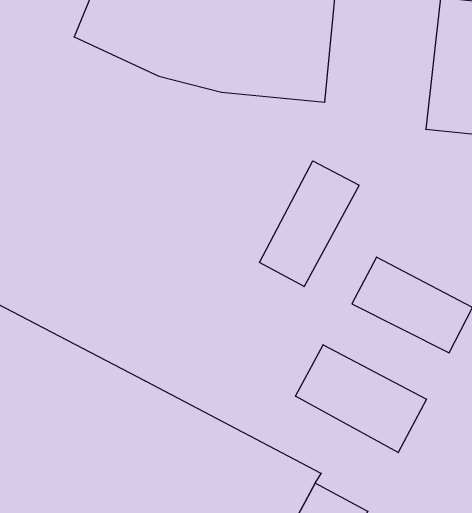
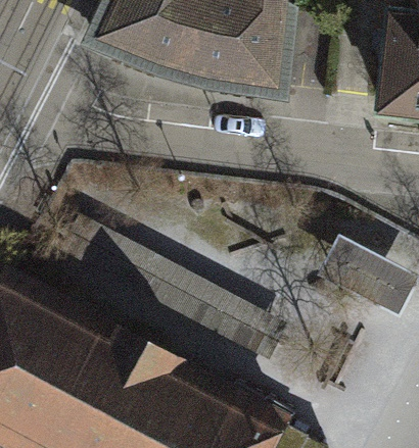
building: [259,161,359,287] -> none
building: [295,345,426,453] -> none

